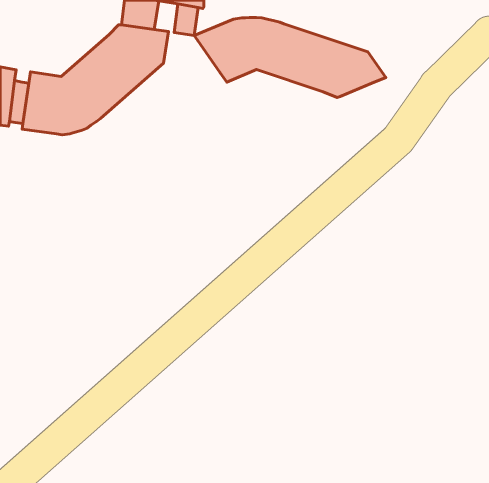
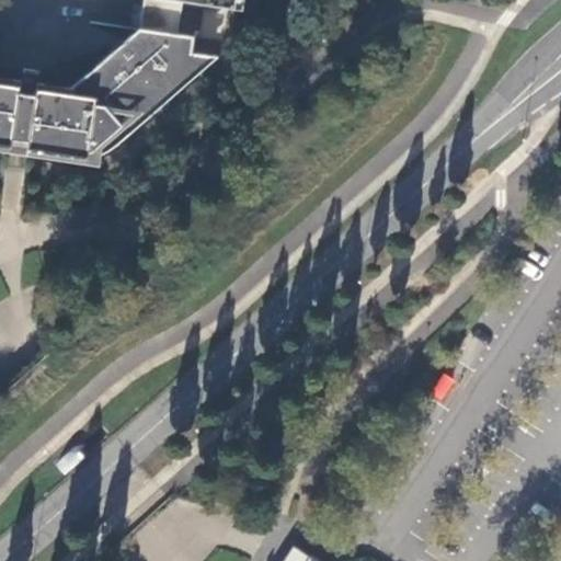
building: [194,17,386,97] -> none

